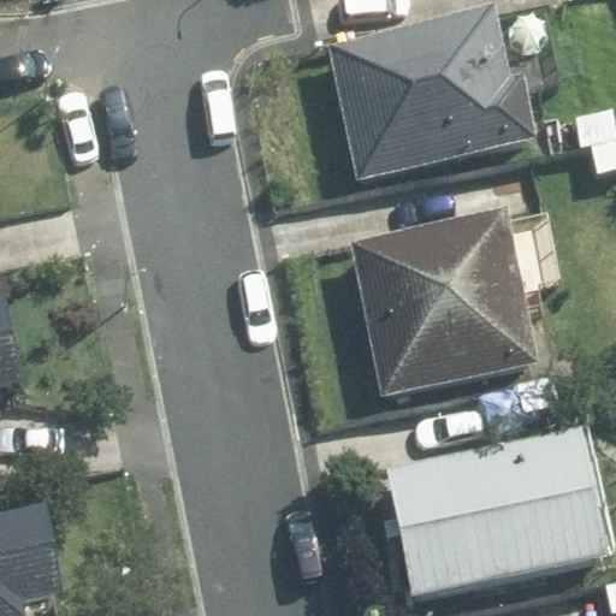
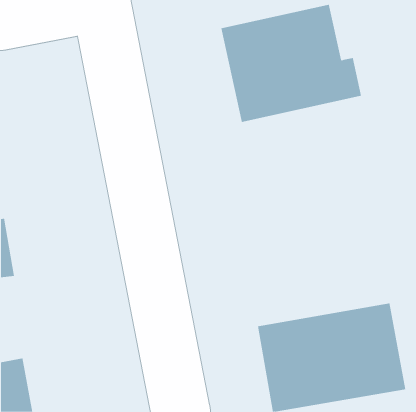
building: [354,213,535,398] -> none

